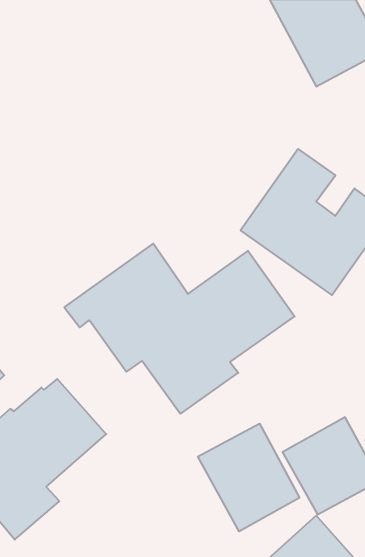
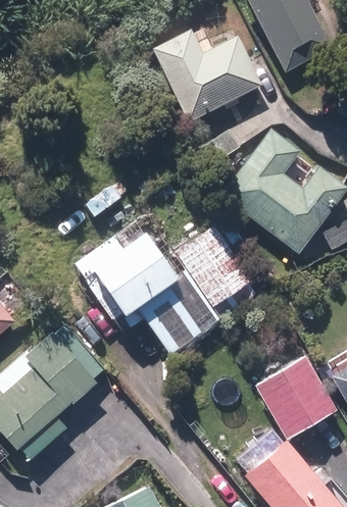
building: none -> [151,29,262,122]
building: [198,424,299,531] -> none

